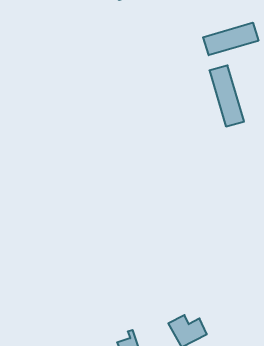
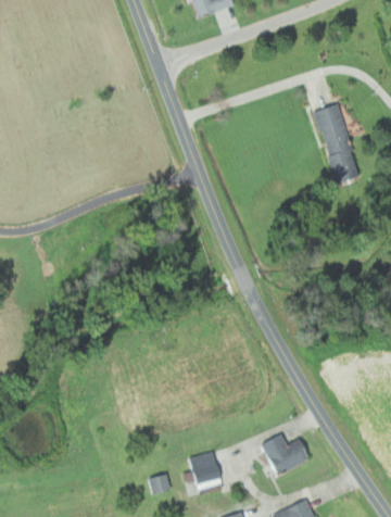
building: [203,23,258,55] -> none

